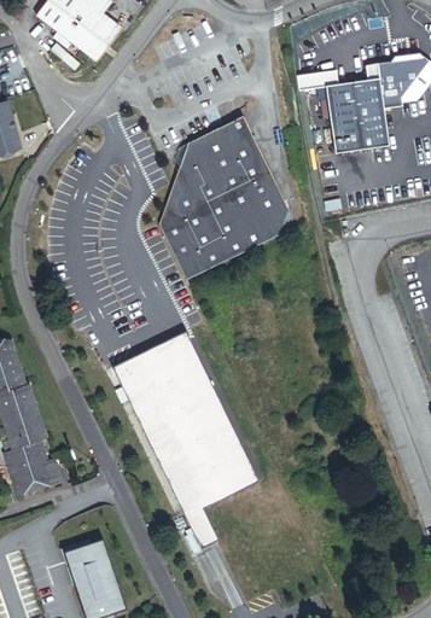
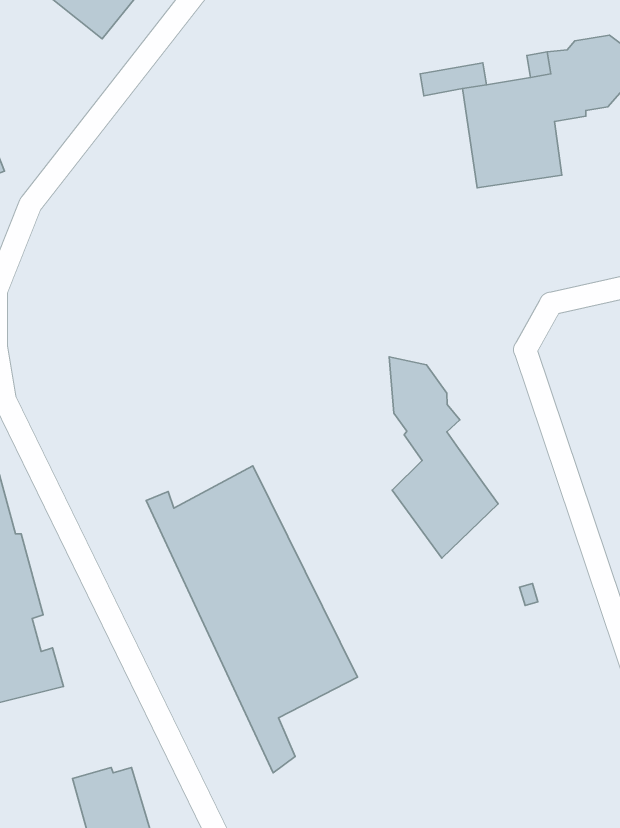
building: [158,119,293,274] -> none
building: none -> [389,357,498,558]

